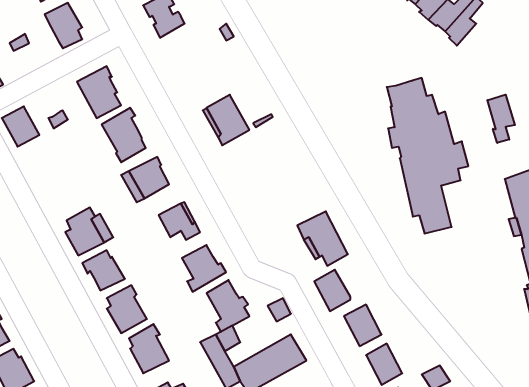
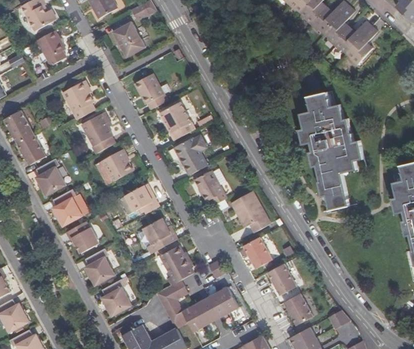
building: none -> [134,75,166,109]
building: [487,95,515,143] -> none
building: none -> [15,133,45,165]
building: none -> [174,137,207,175]
building: none -> [34,159,65,197]
building: none -> [194,170,226,206]

